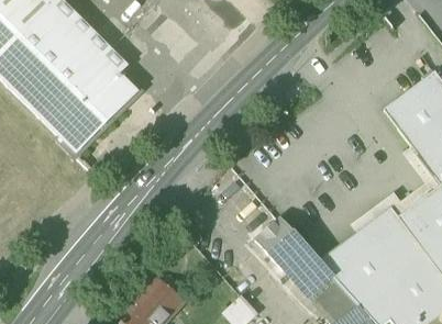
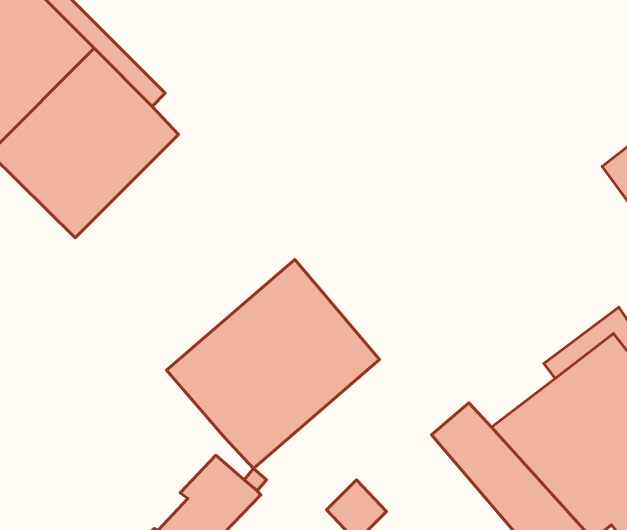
building: none -> [167,259,379,468]
building: [256,216,306,267] -> none

